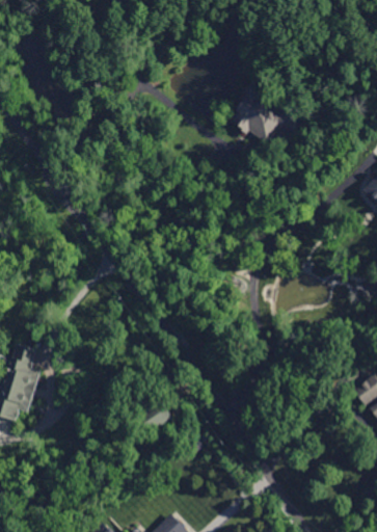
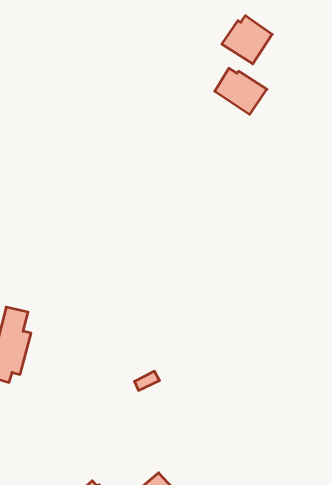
building: none -> [222,16,272,64]

